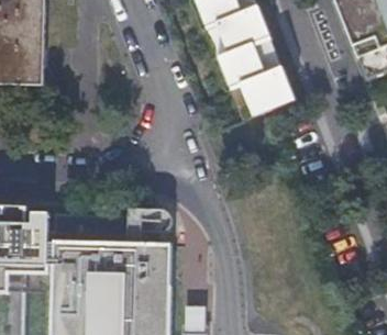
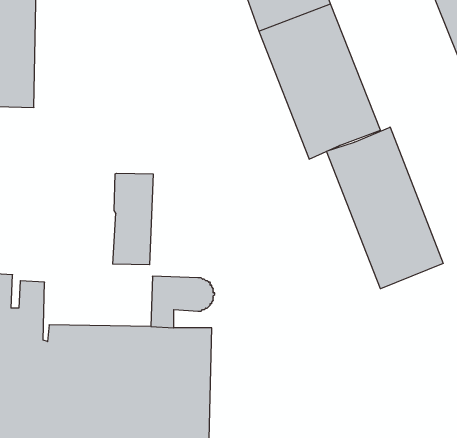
building: none -> [326,127,443,289]
building: none -> [113,173,153,265]

